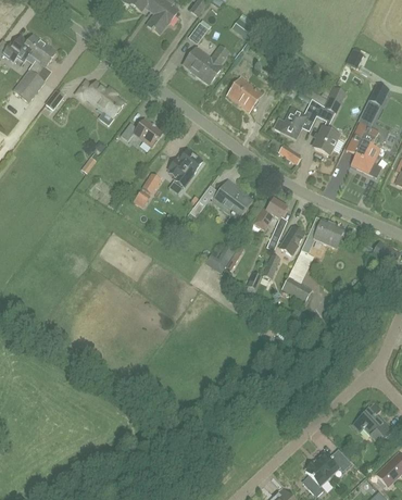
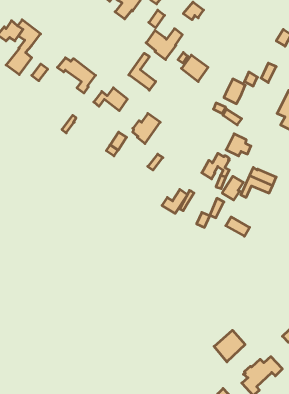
building: none -> [129,53,156,90]
building: [313,126,343,153] -> [226,134,251,156]
building: [212,179,252,220] -> none
building: none -> [214,330,245,362]

